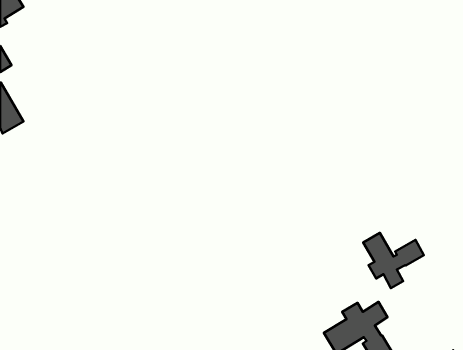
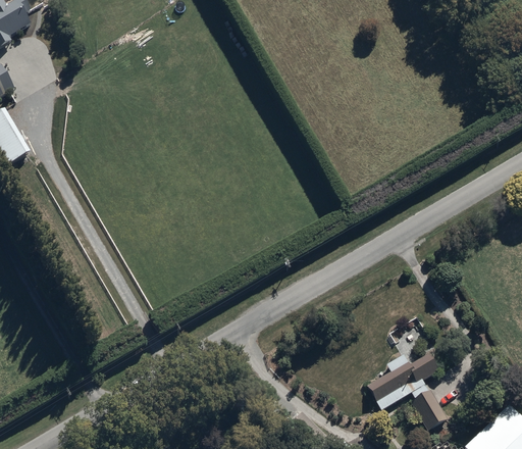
building: [363,233,424,288] -> none

